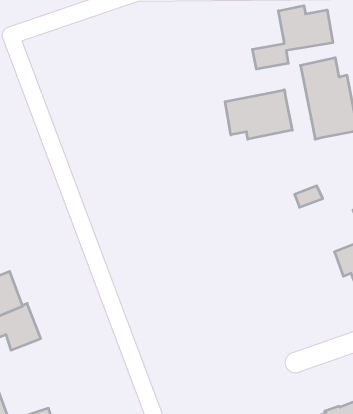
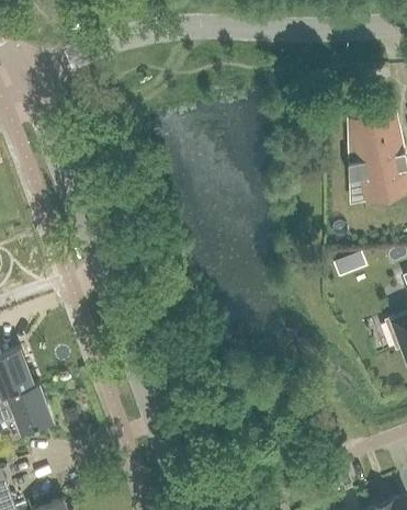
building: [252,6,333,69] -> none
building: [225,90,292,139] -> none

